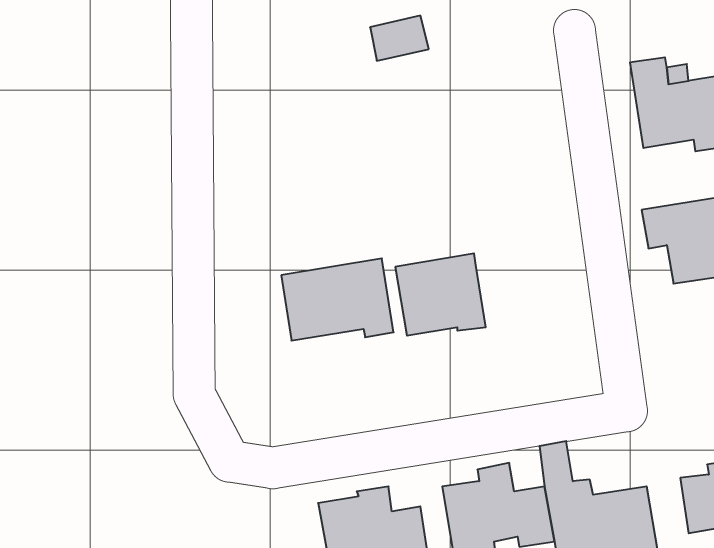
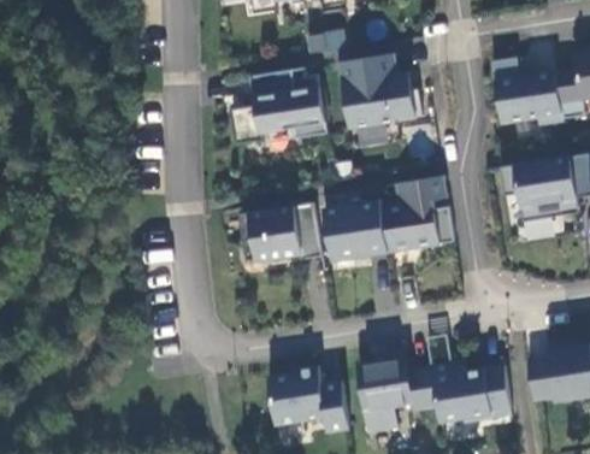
building: none -> [340,53,421,128]
building: none -> [231,67,328,143]
building: none -> [380,176,454,252]

